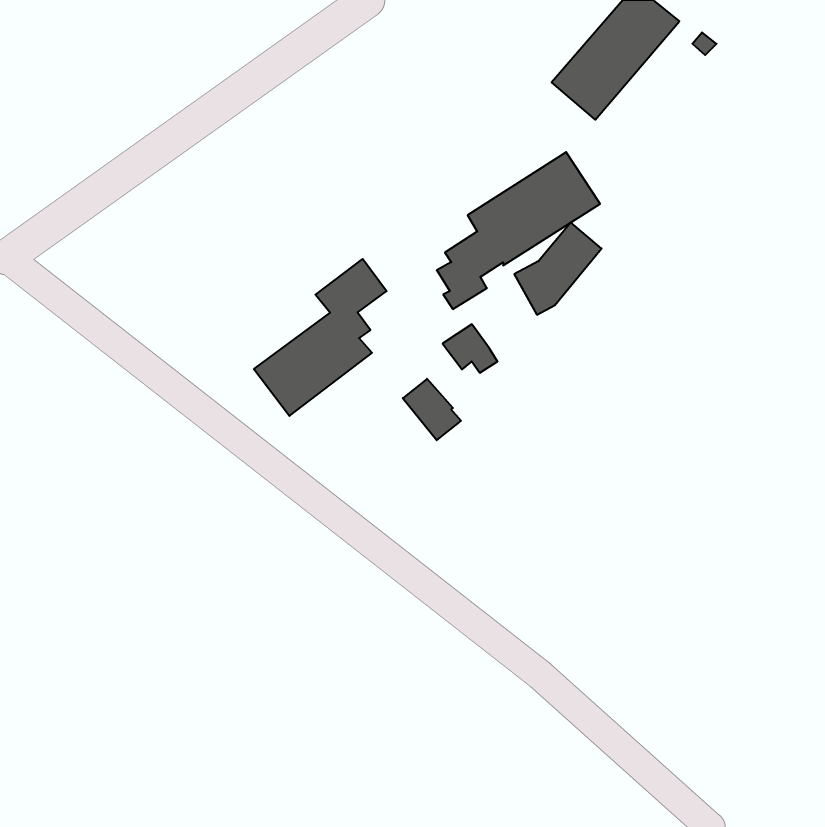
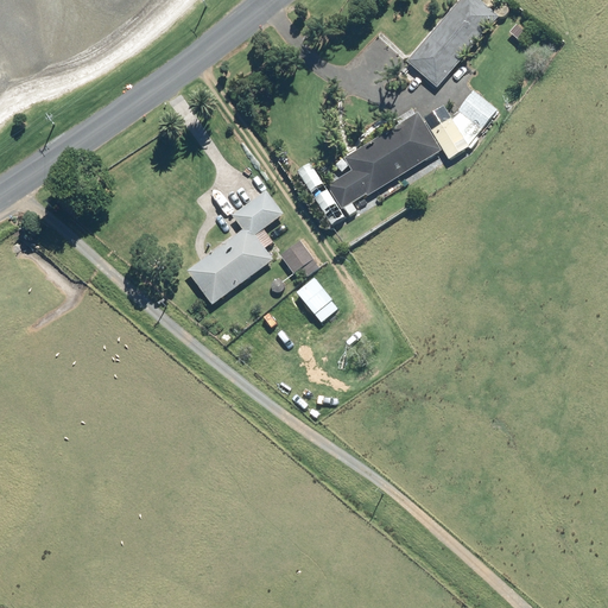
building: [514,222,602,315] -> [431,91,495,159]
building: [443,324,498,373] -> [279,241,319,277]

